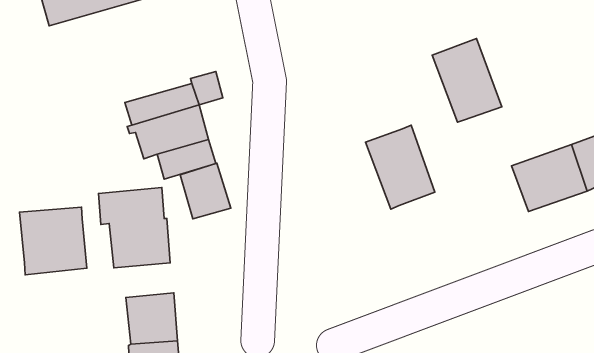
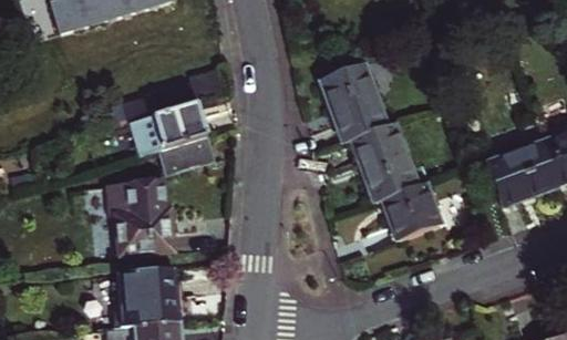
building: [432,39,502,122] -> [321,64,385,142]
building: [180,163,231,219] -> none
building: none -> [382,183,440,240]
building: [20,207,87,275] -> none

